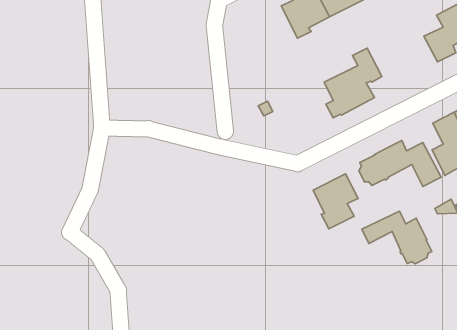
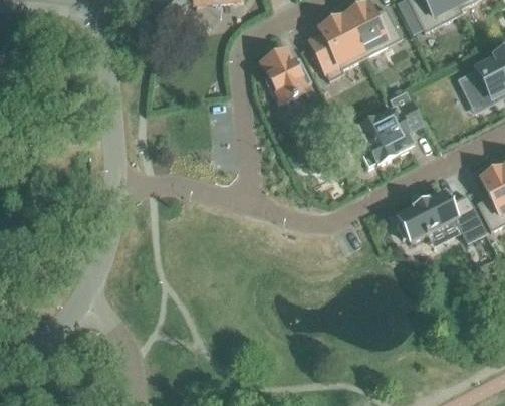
building: none -> [261,51,310,104]
building: [313,174,358,229] -> none
building: [362,211,432,264] -> none

